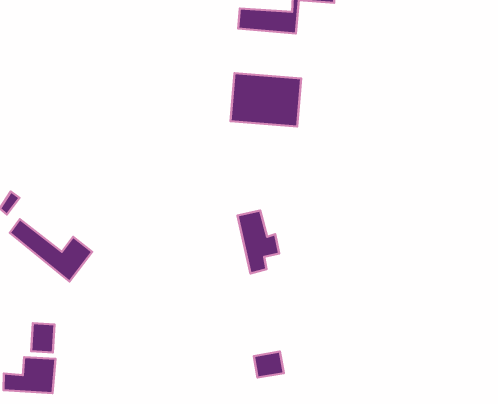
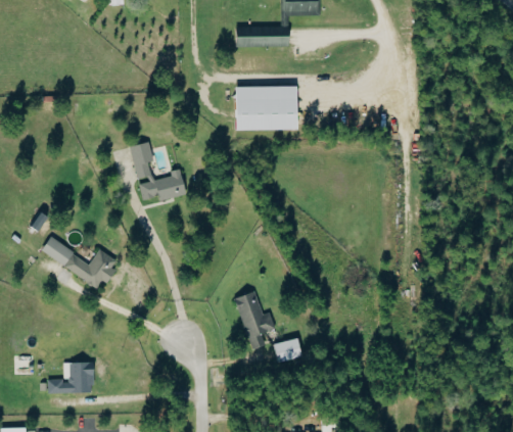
building: none -> [130,142,185,200]
building: [237,211,279,274] -> [234,290,275,348]
building: [31,323,55,352] -> none

